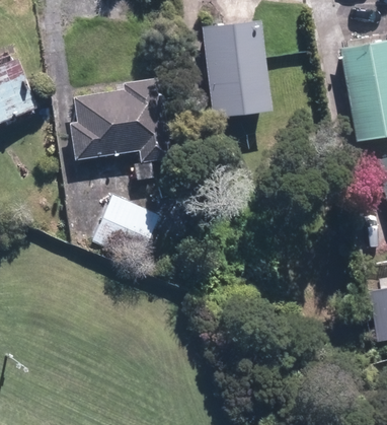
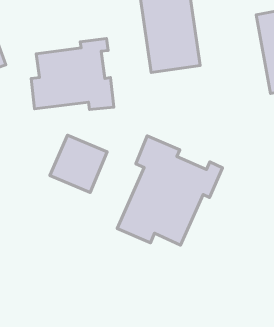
building: none -> [117,136,223,245]

